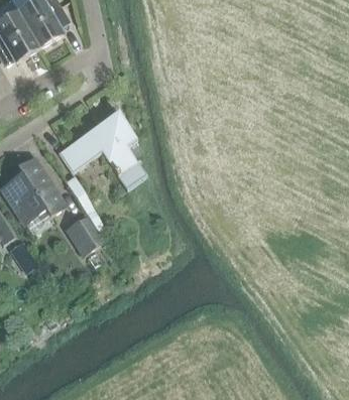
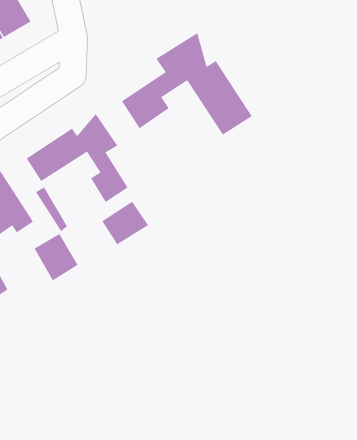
building: none -> [121,32,252,136]
building: none -> [101,201,149,245]

